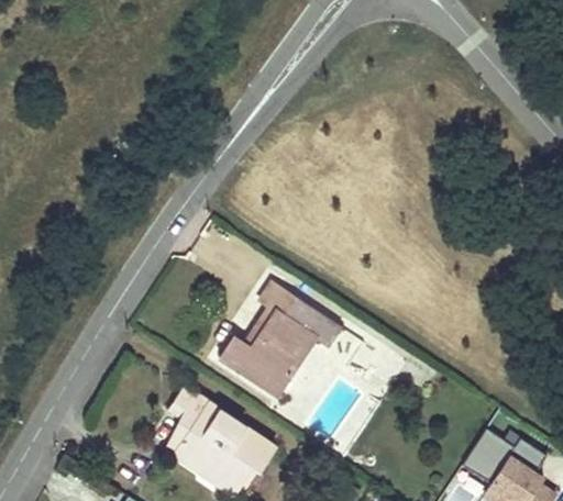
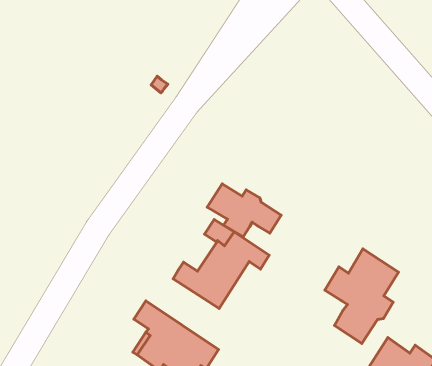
building: none -> [207,184,281,237]
building: none -> [325,249,398,343]

